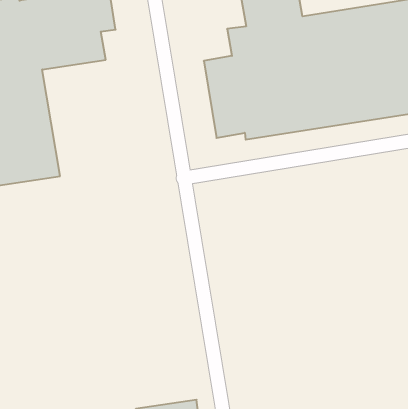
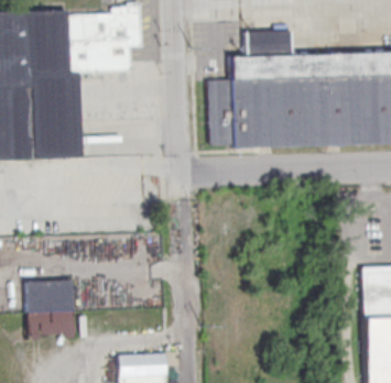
building: none -> [28,277,75,336]

